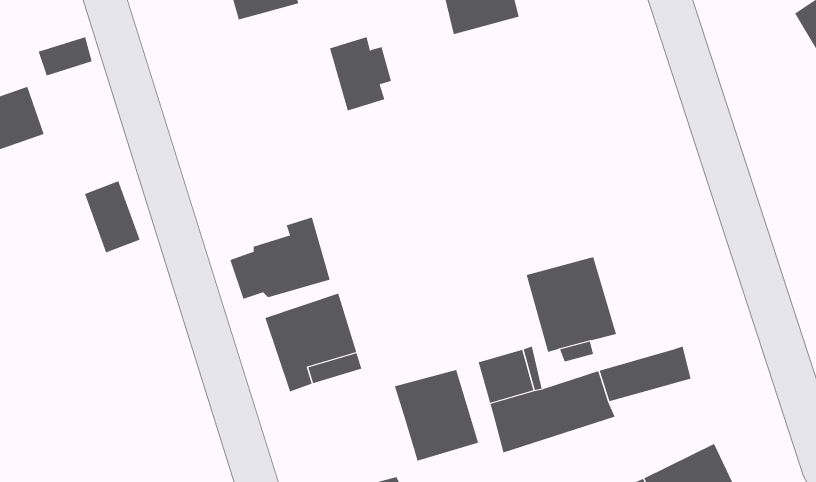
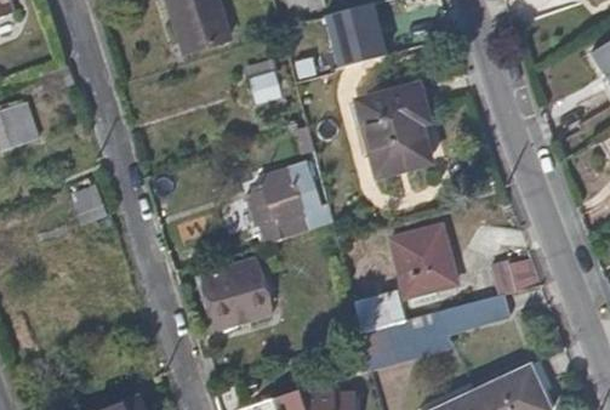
building: none -> [360,85,429,178]
building: [230,217,331,300] -> [247,166,321,227]
building: none -> [490,255,542,295]
building: [394,369,479,461] -> none

